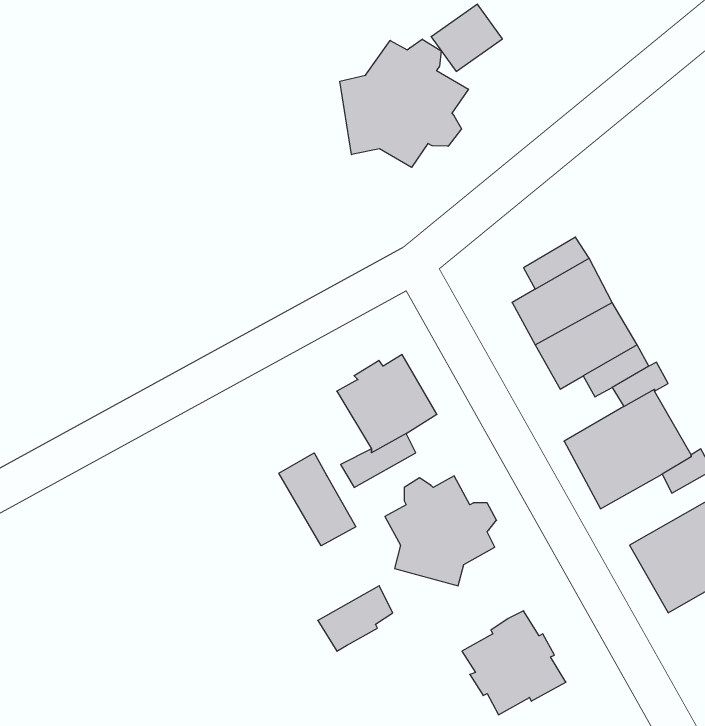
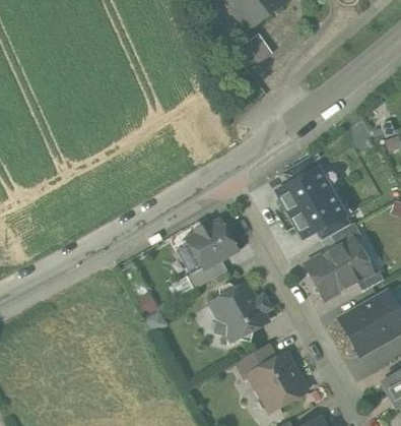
building: [340,39,468,167] -> none
building: [279,453,356,546] -> none
building: [318,586,393,651] -> [237,345,276,379]

